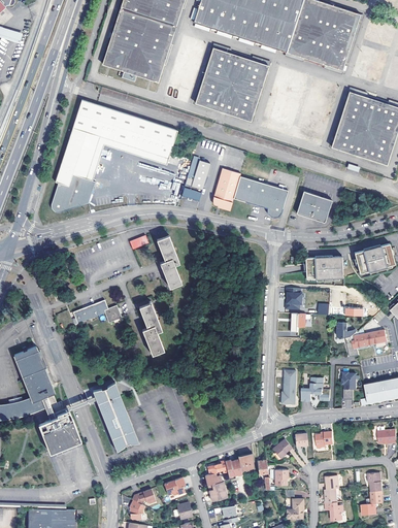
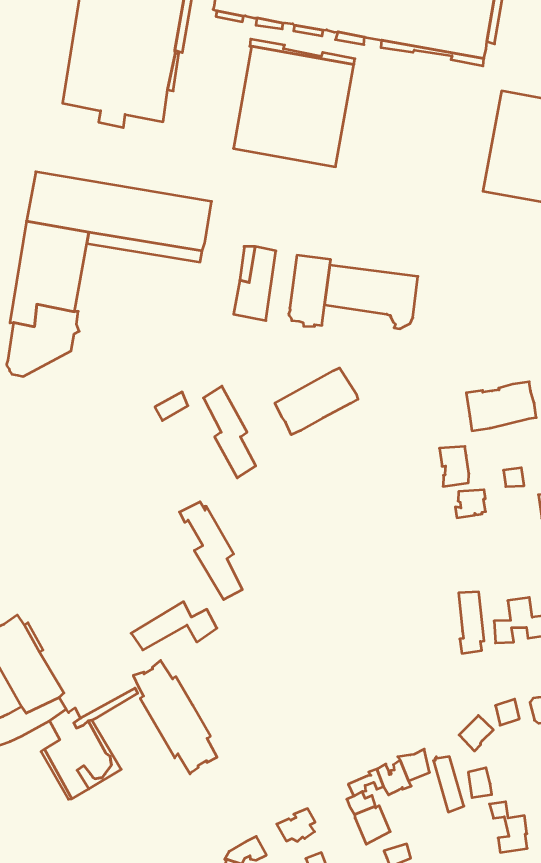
building: [296,192,330,223] -> none
building: none -> [275,368,358,435]
building: [72,299,121,323] -> [131,602,217,650]

